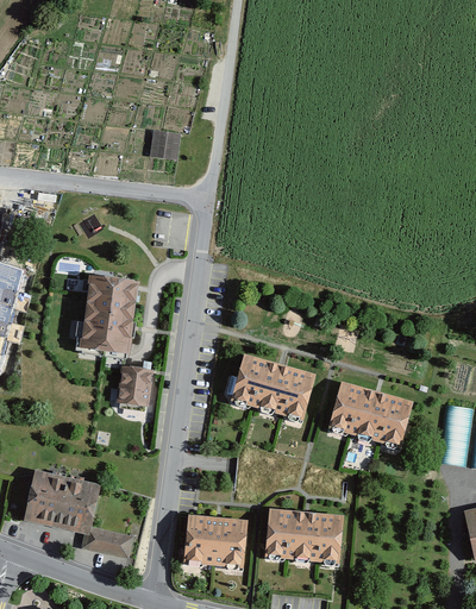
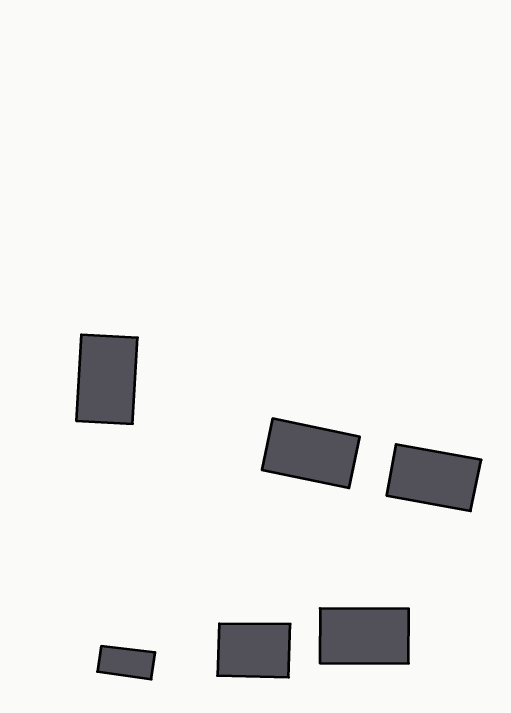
building: [149,130,180,161] -> none
building: [119,368,150,403] -> none
building: [26,471,98,532] -> none

